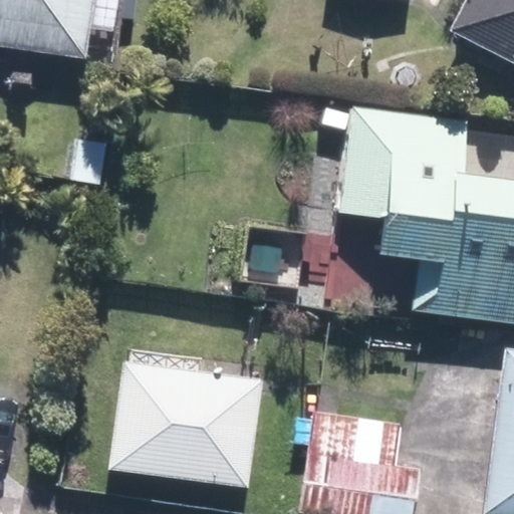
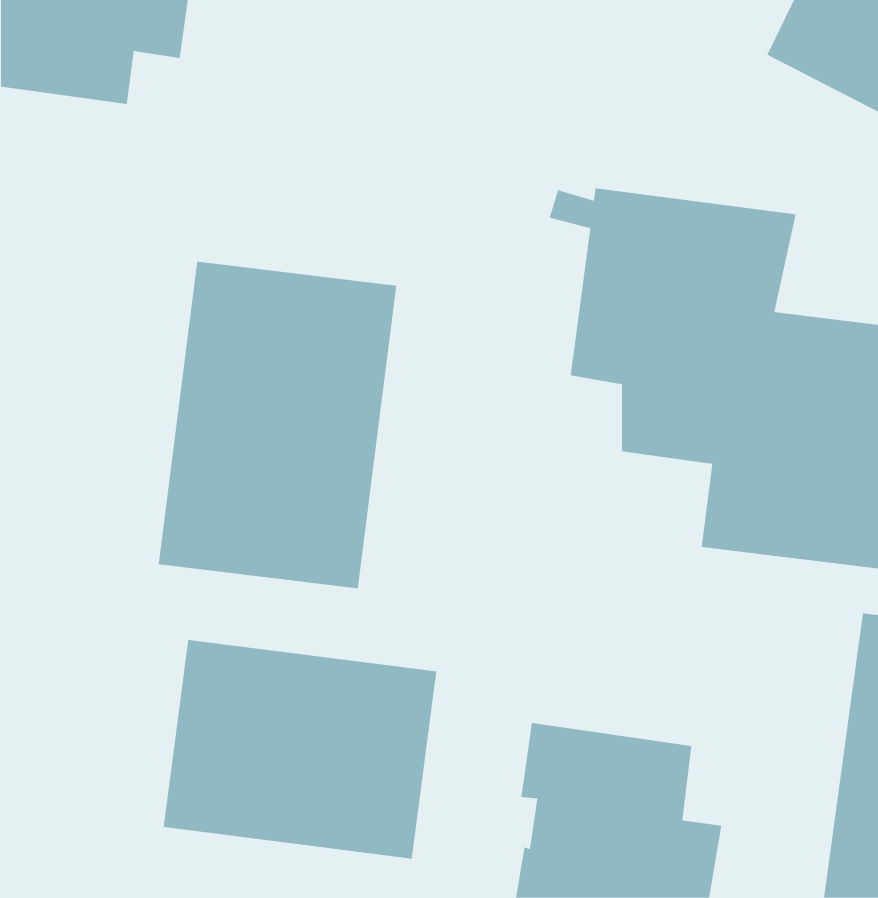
building: none -> [158,261,397,589]

